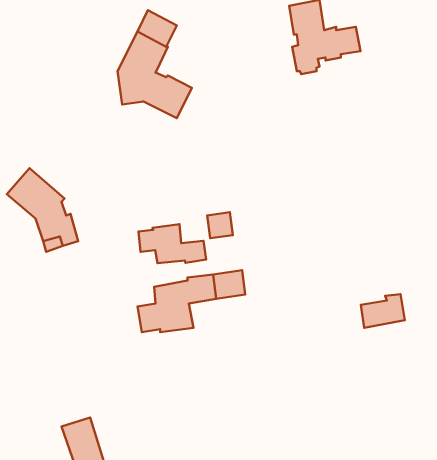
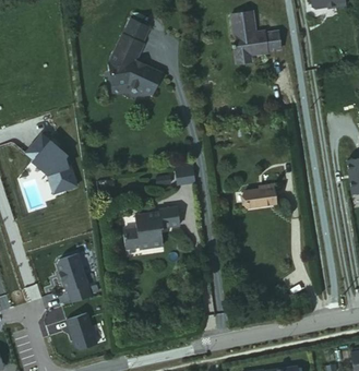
building: [138,224,206,263] -> none
building: [361,294,405,328] -> [247,184,278,208]
building: none -> [59,251,93,301]

